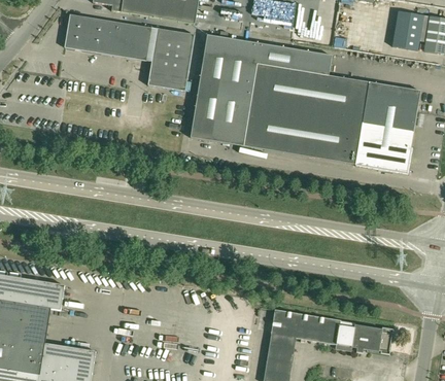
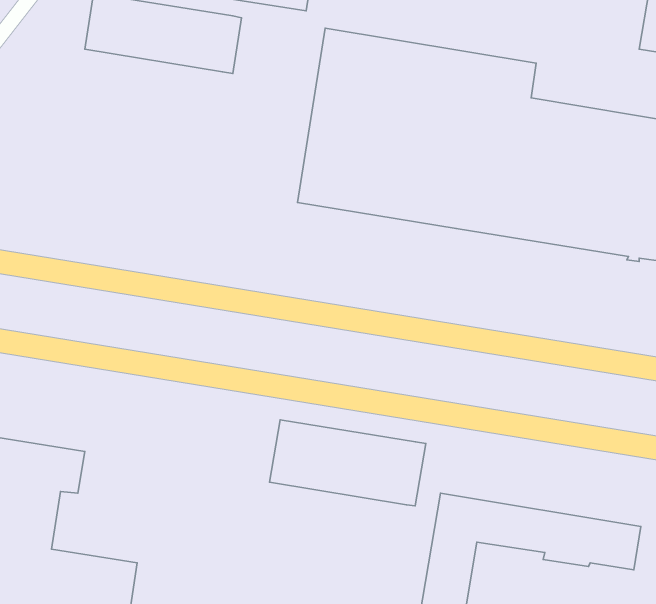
building: [147,28,194,92] -> none
building: none -> [270,420,426,506]

